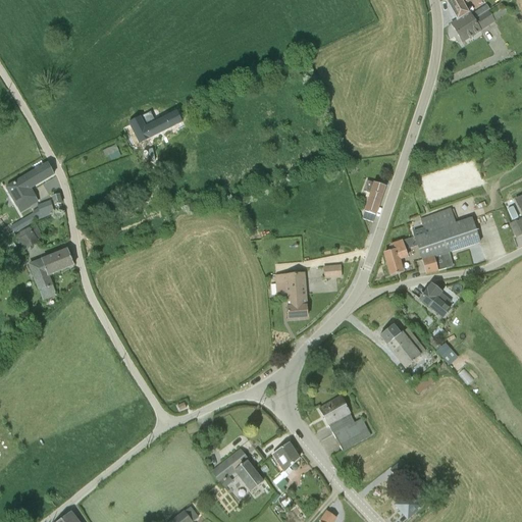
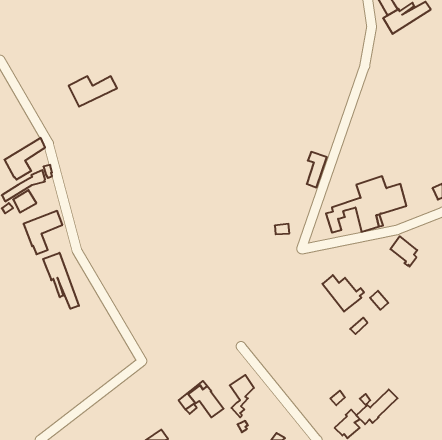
building: [124,108,181,144] -> [69,76,117,107]
building: [276,272,307,316] -> none
building: [420,282,452,318] -> [390,236,417,267]
building: none -> [43,253,79,309]
building: [319,395,370,449] -> none
building: none -> [356,389,398,424]

